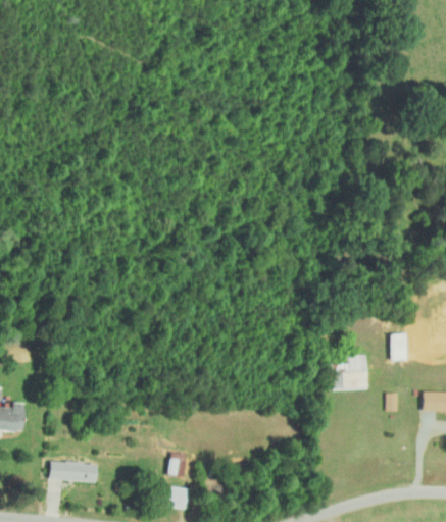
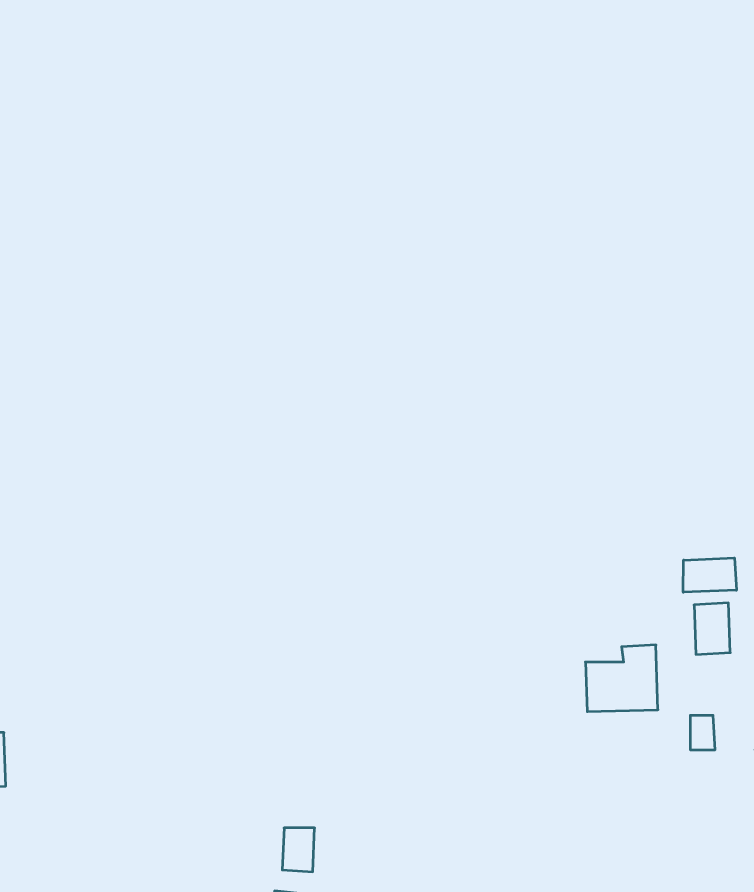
building: none -> [683,558,736,592]
building: [49,461,96,482] -> none

